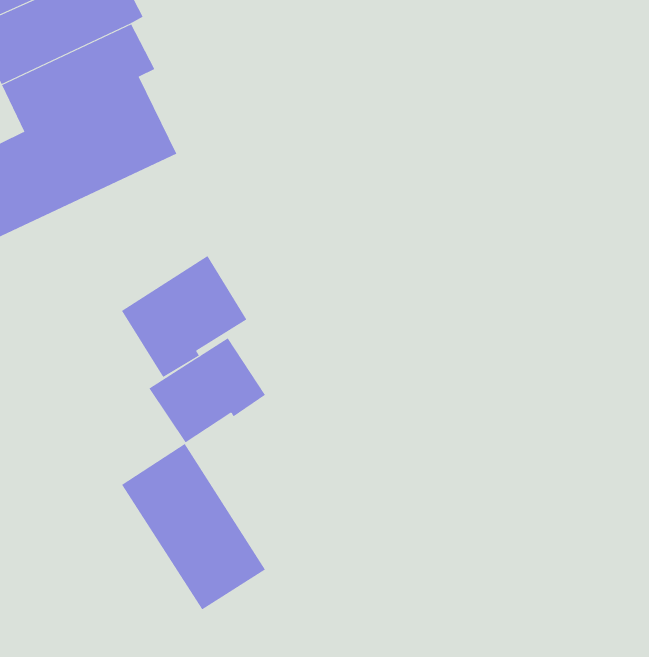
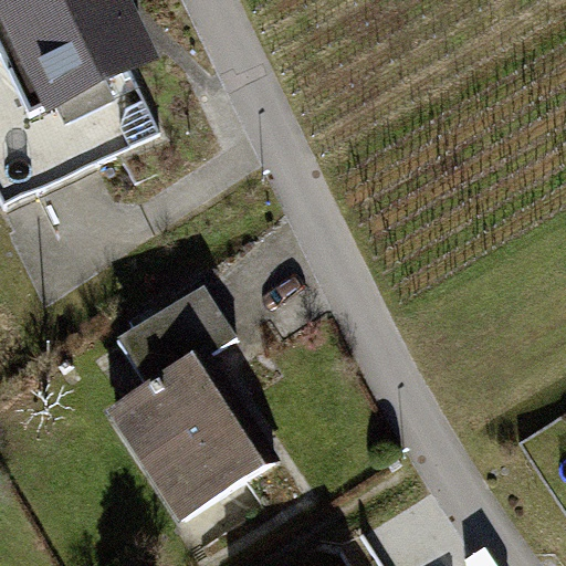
building: [121,255,247,378] -> none
building: none -> [157,350,265,483]

